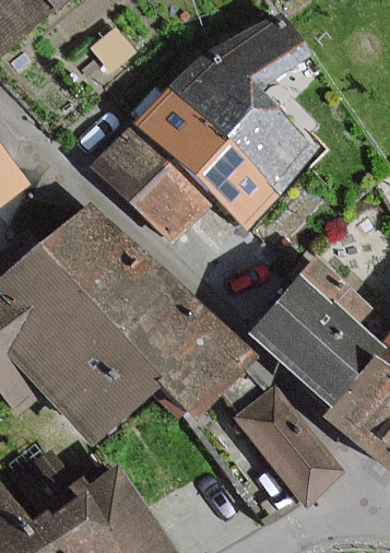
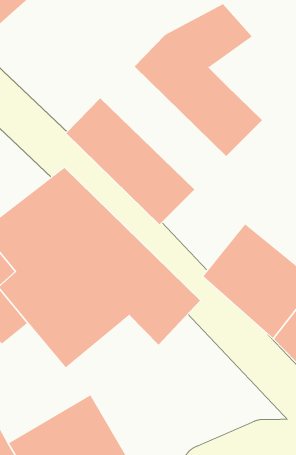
building: [132,86,279,230] -> none
building: [233,386,338,501] -> none

